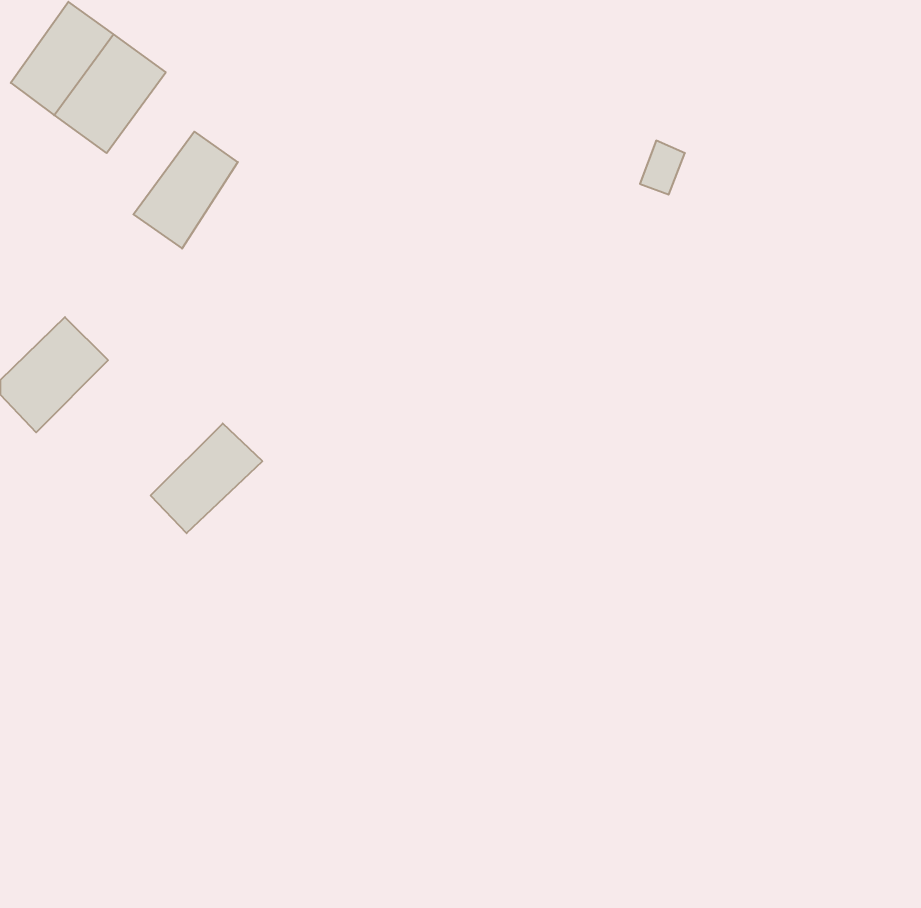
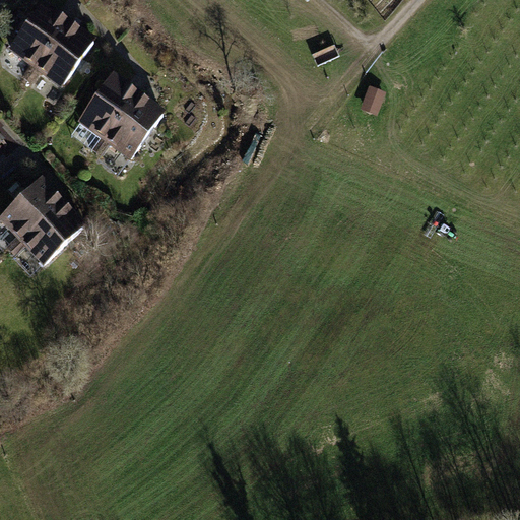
building: none -> [103,91,162,159]
building: [151,423,262,533] -> [20,203,83,265]

